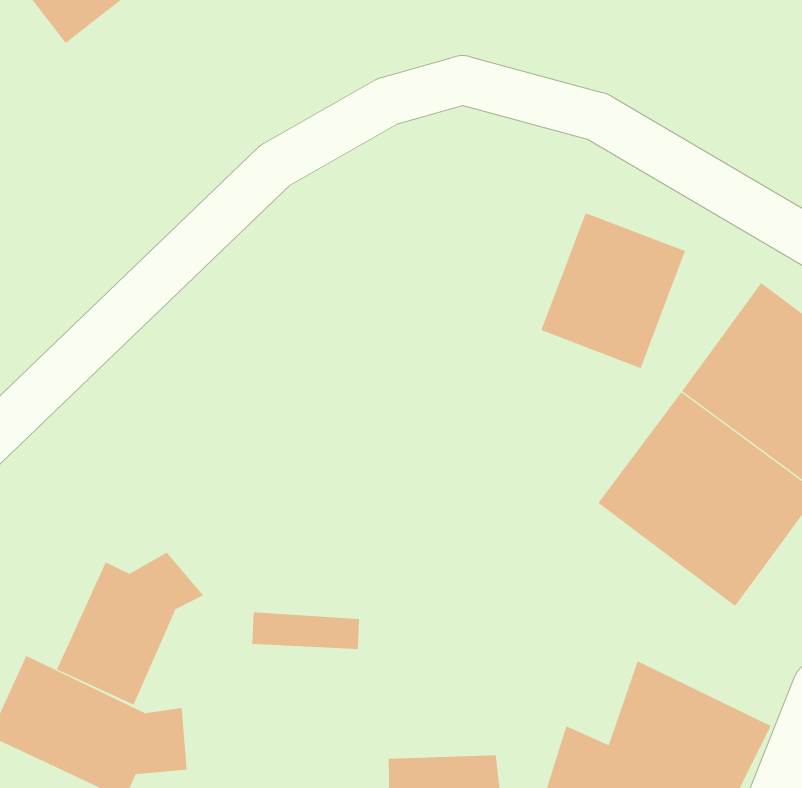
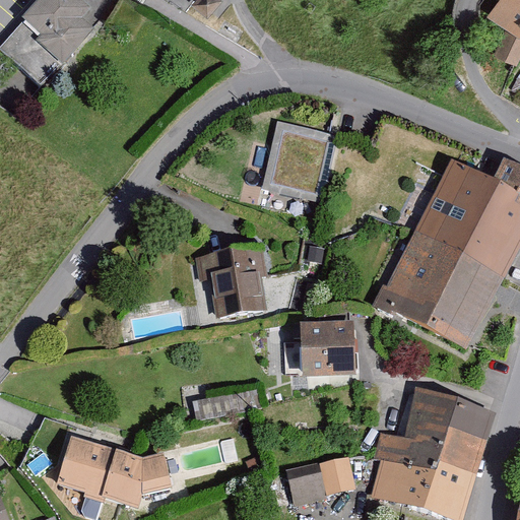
building: [540,212,686,369] -> [262,117,337,200]
building: none -> [203,247,273,321]
building: none -> [303,322,362,379]
building: [56,552,204,706] -> none

